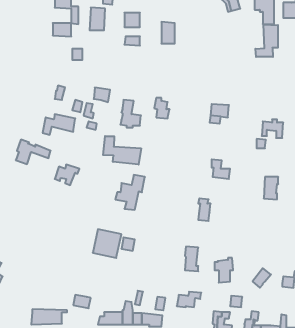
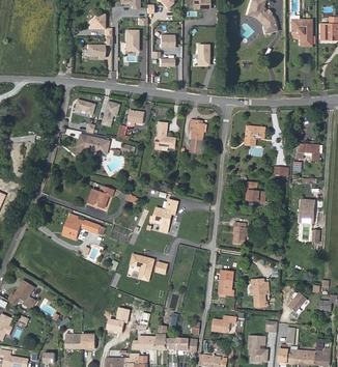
building: [255,24,278,57] -> none
building: [103,136,141,165] -> none
building: [16,140,51,164] -> [64,214,100,238]

